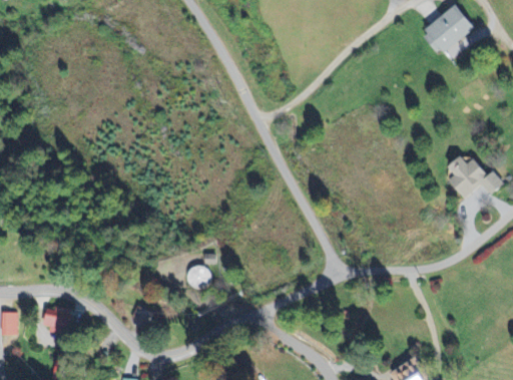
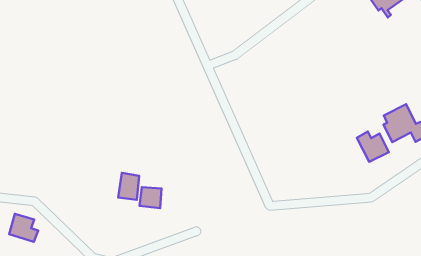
building: none -> [357,131,389,162]
building: none -> [118,173,139,200]

